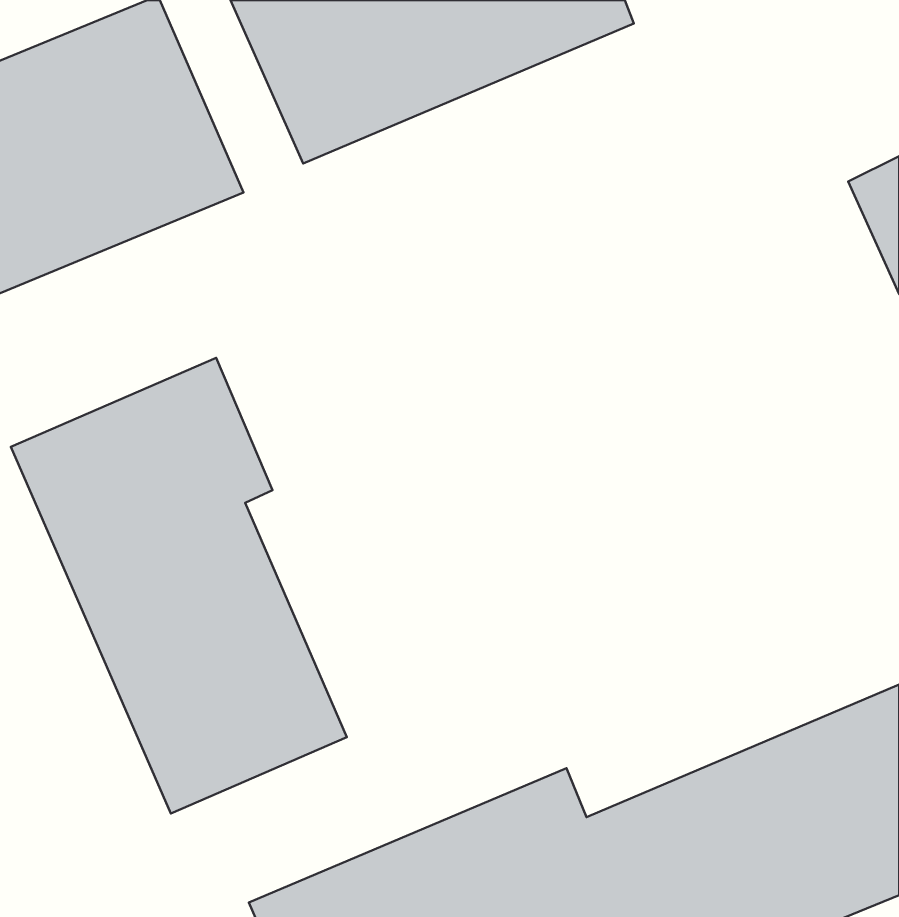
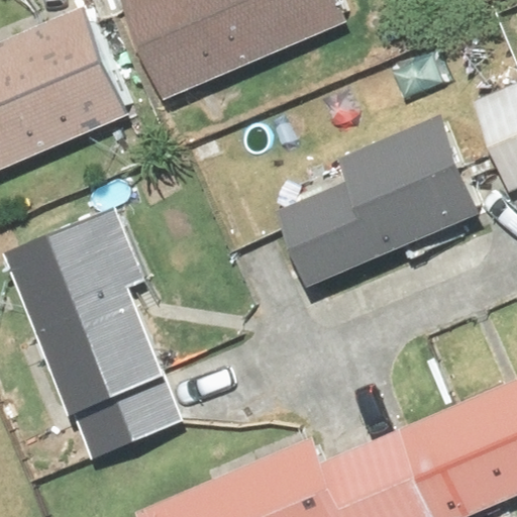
building: none -> [287,111,490,282]

